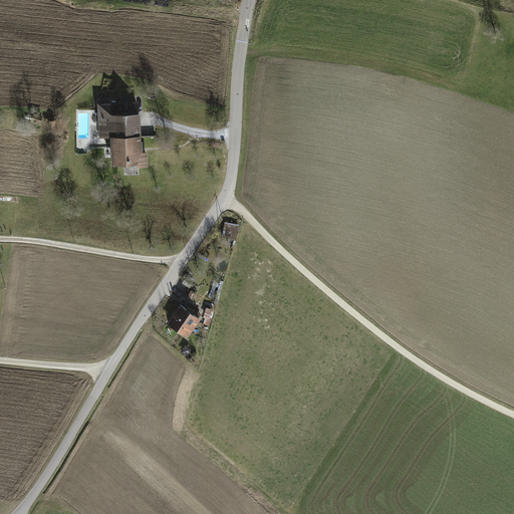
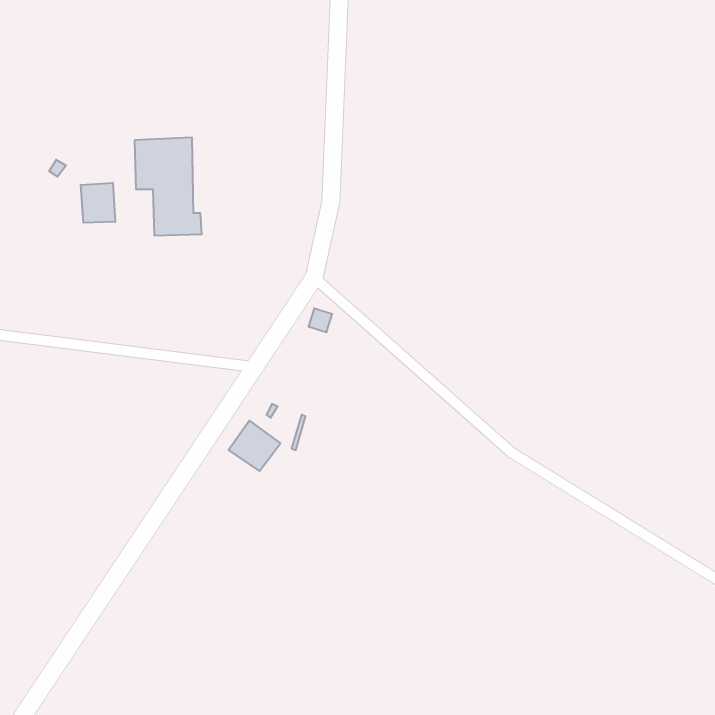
building: none -> [81,183,115,223]

